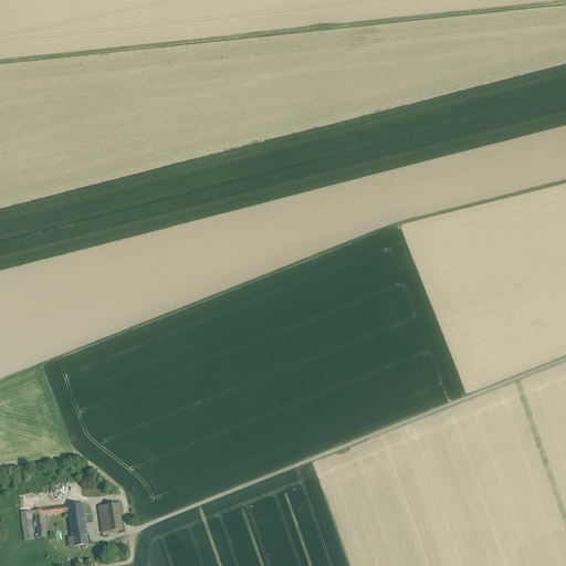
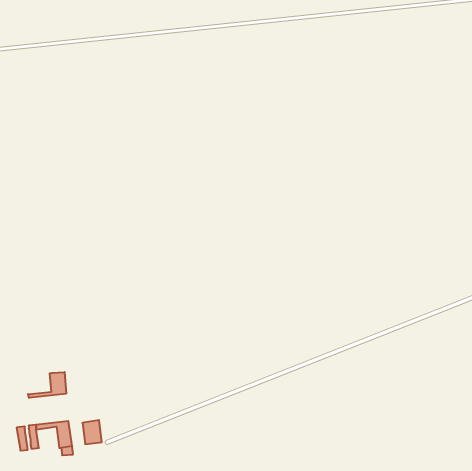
building: none -> [28,372,66,398]

